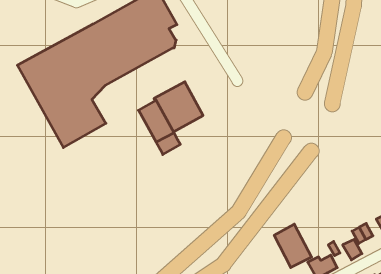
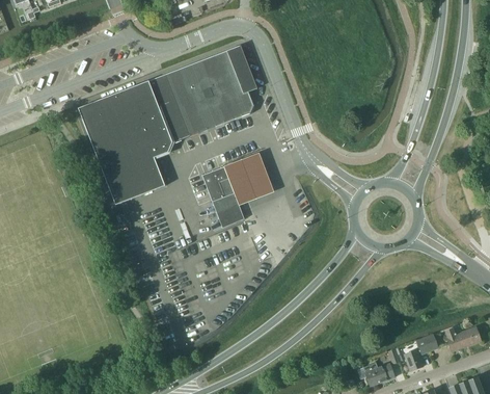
building: [274,224,312,268] -> none

